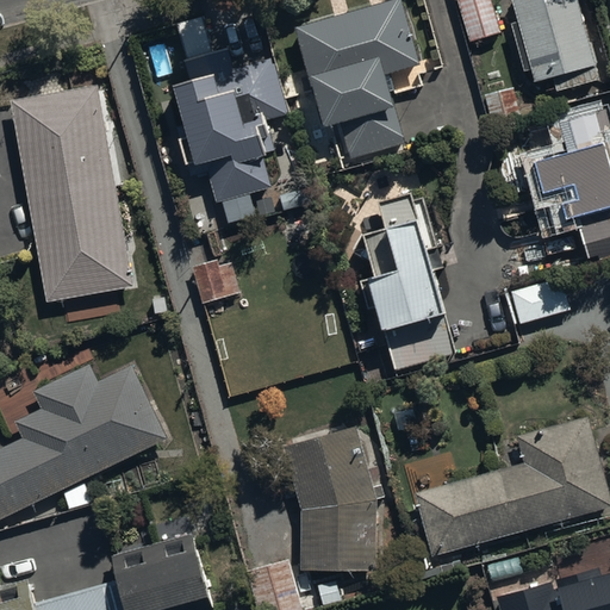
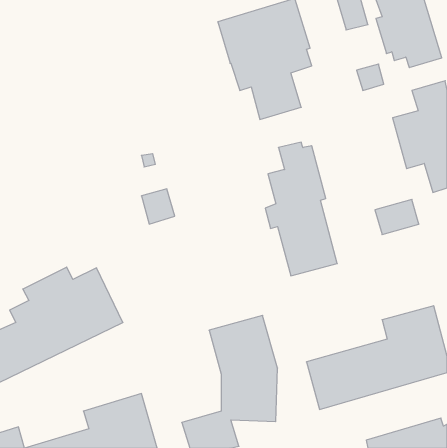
building: [174,50,288,203] -> none
building: [10,86,133,304] -> none

